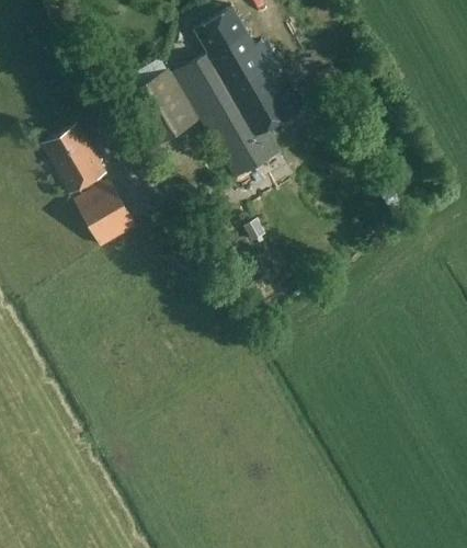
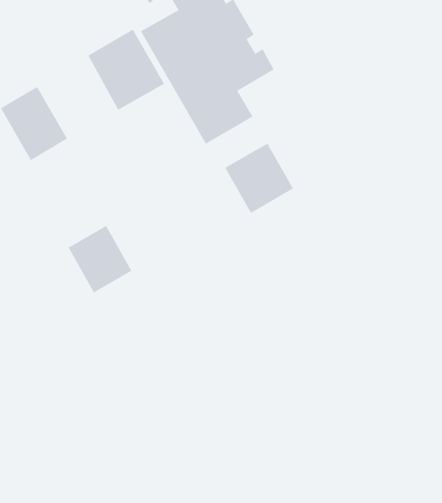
building: none -> [225,143,294,214]
building: [78,182,138,246] -> [68,225,132,293]

